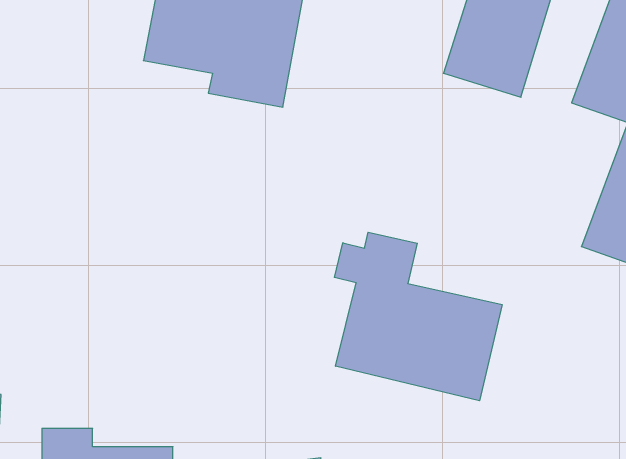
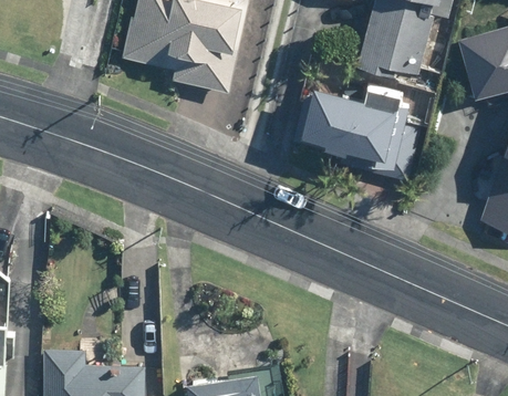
building: none -> [301,80,403,166]
building: [334,232,502,401] -> none

